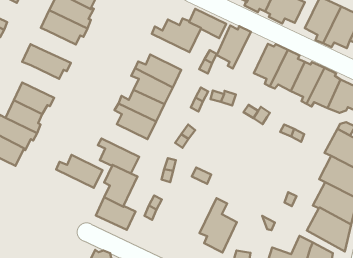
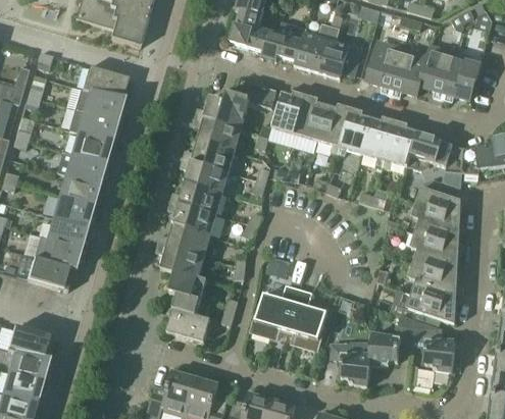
building: none -> [70,133,111,164]
building: none -> [293,95,327,142]
building: none -> [192,116,241,151]
building: none -> [58,174,99,207]
building: [56,155,102,188] -> [158,224,210,257]
building: none -> [253,284,299,336]

